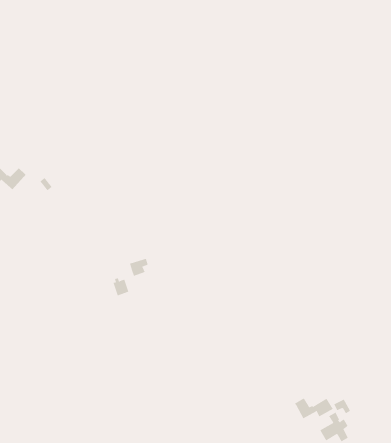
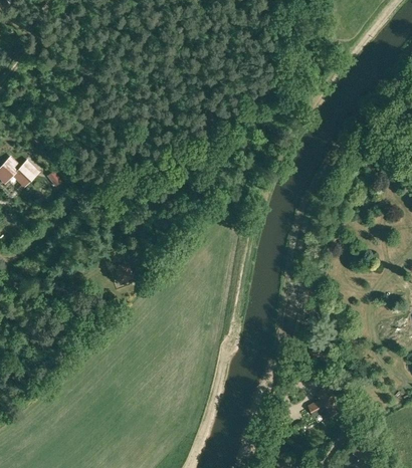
building: [294,397,334,419] -> none

